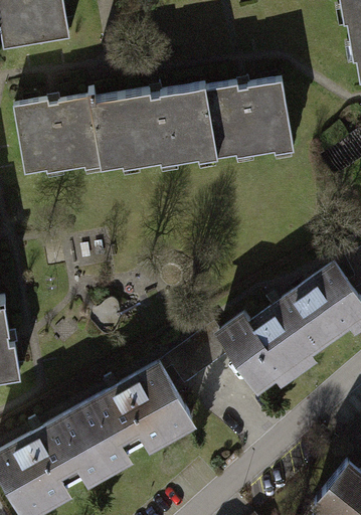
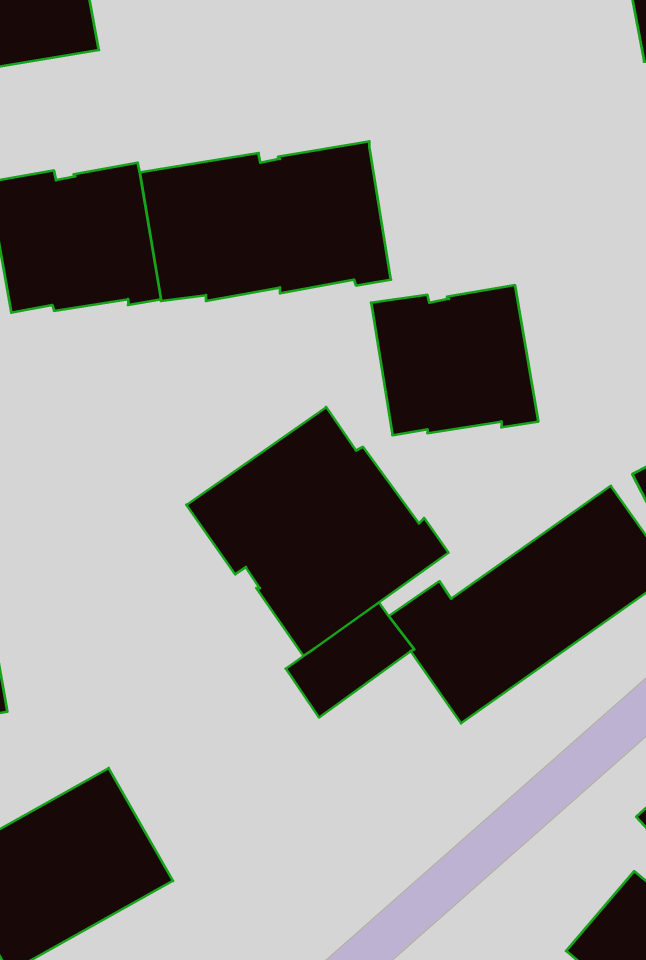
building: [209,79,296,157] -> [371,285,538,435]
building: none -> [186,407,448,656]
building: [74,361,192,468] -> none

